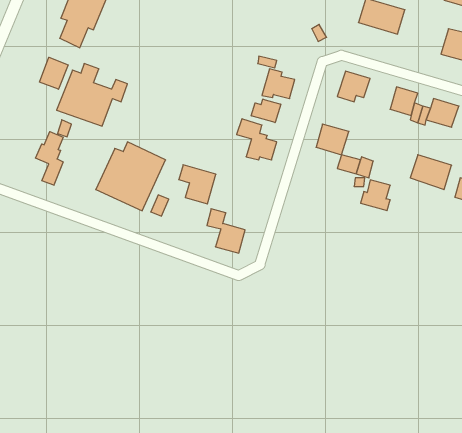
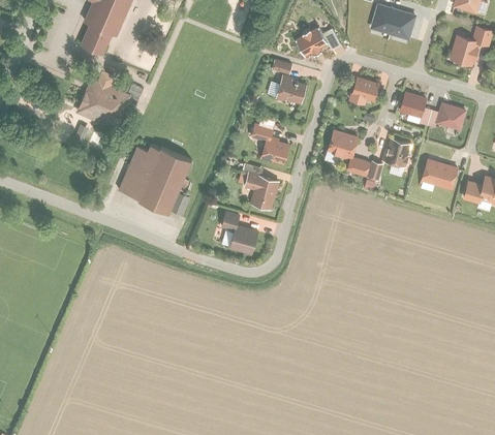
building: none -> [295,28,326,57]
building: [40,57,68,89] -> none
building: [251,99,281,123] -> none
building: [35,132,63,185] -> none
building: [179,165,216,204] -> [245,172,281,210]
building: [361,180,390,211] -> [382,137,411,167]

